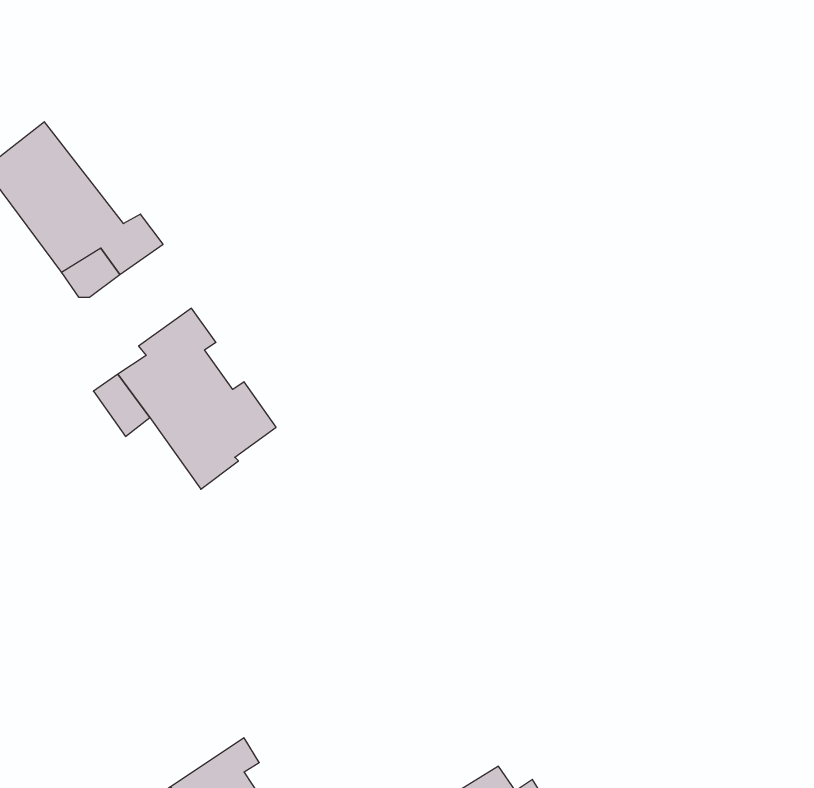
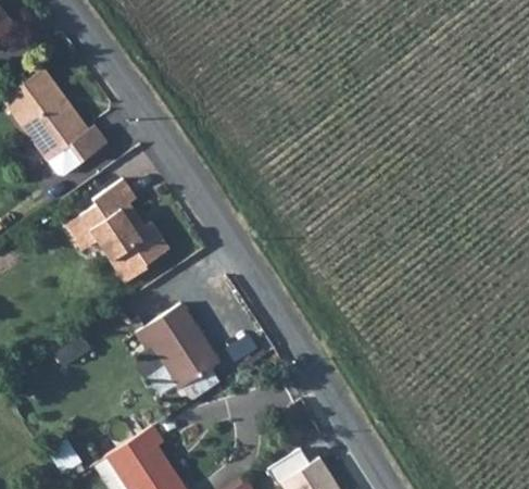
building: none -> [137,303,219,387]

